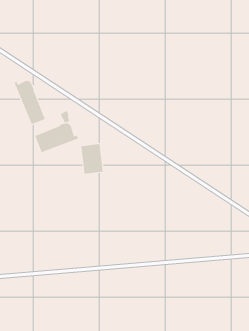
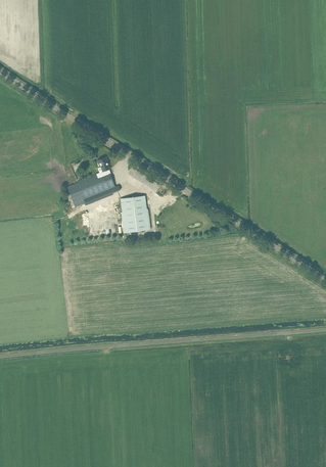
building: [14,80,45,125] -> none

